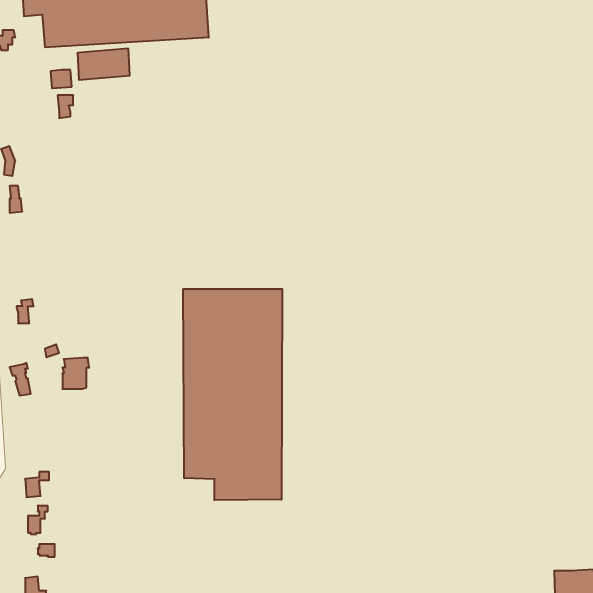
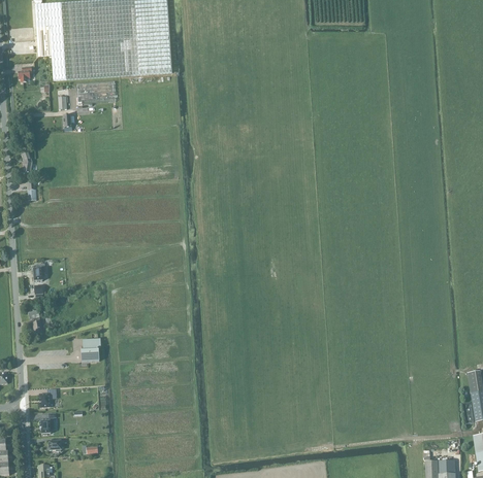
building: [183,289,282,500] -> none
building: [62,358,89,389] -> [83,338,102,361]

